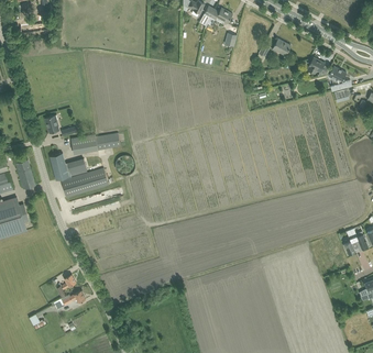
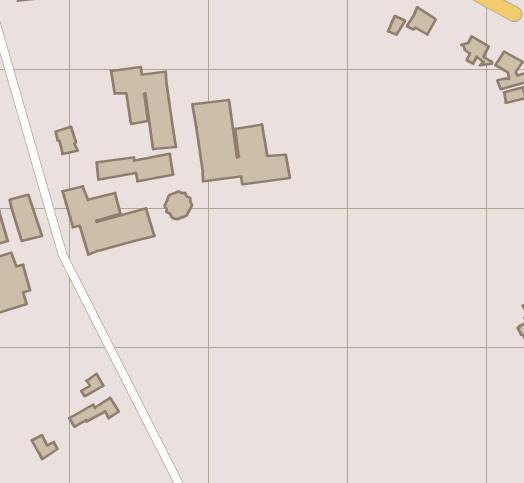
building: none -> [111,67,176,149]
building: none -> [193,100,290,184]

